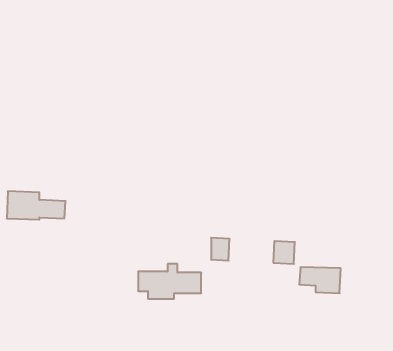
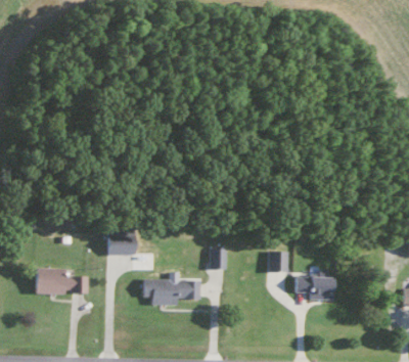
building: [7,191,66,220] -> [33,267,88,293]
building: none -> [106,228,135,256]

